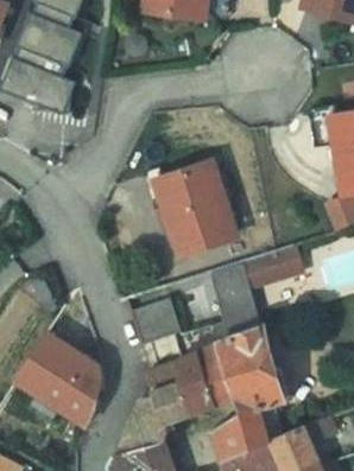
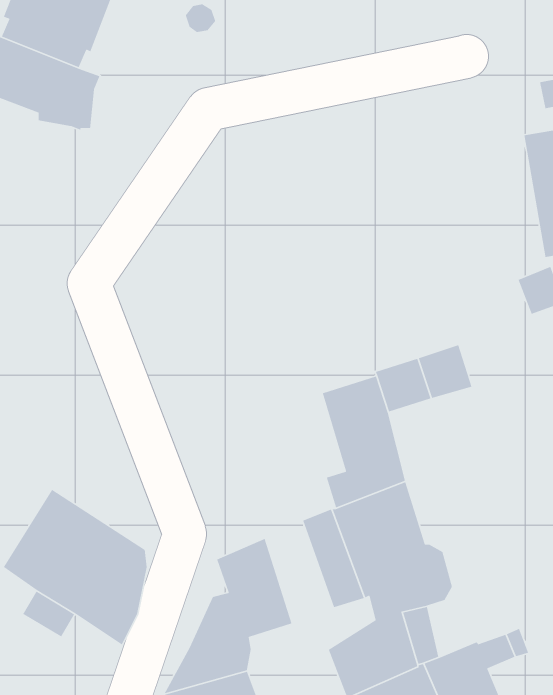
building: [157,163,234,253] -> none
building: [131,298,181,345] -> none
building: [175,351,216,414] -> none

